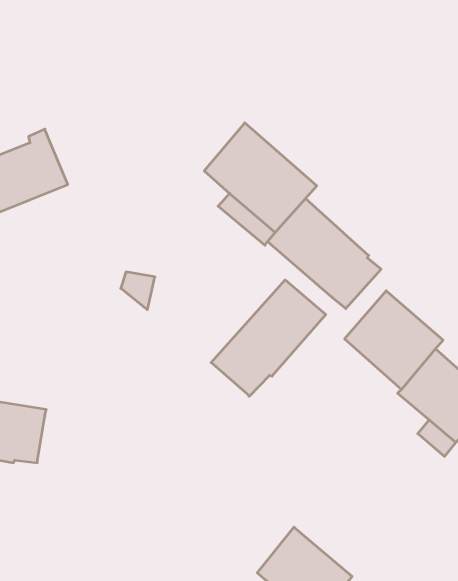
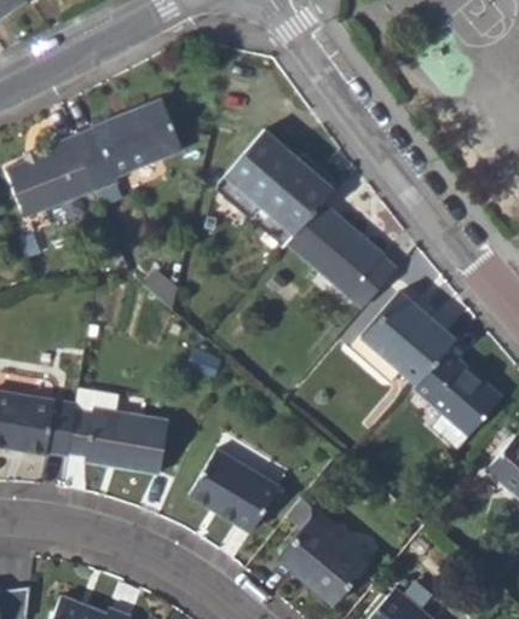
building: none -> [75,98,183,189]
building: [211,280,326,396] -> none
building: none -> [67,406,168,474]
building: none -> [189,447,278,532]

